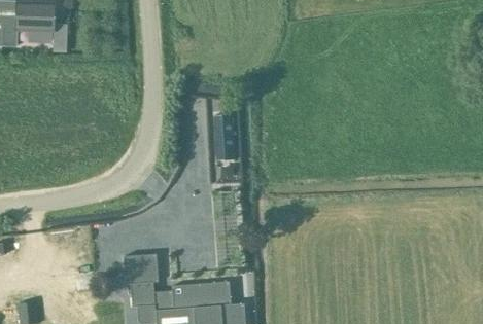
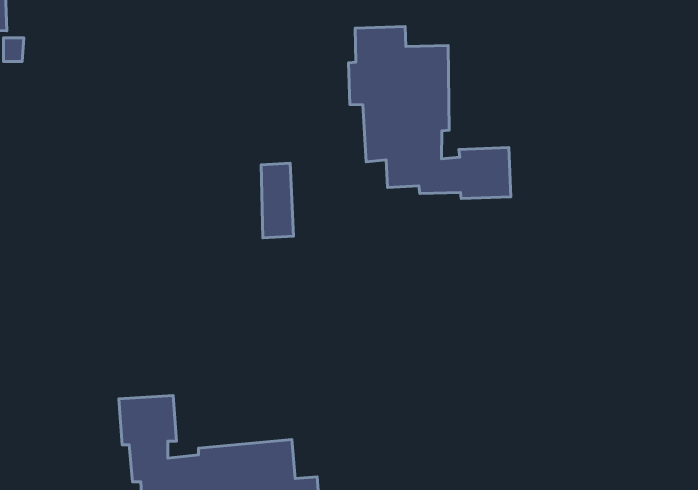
building: none -> [348,26,511,199]

